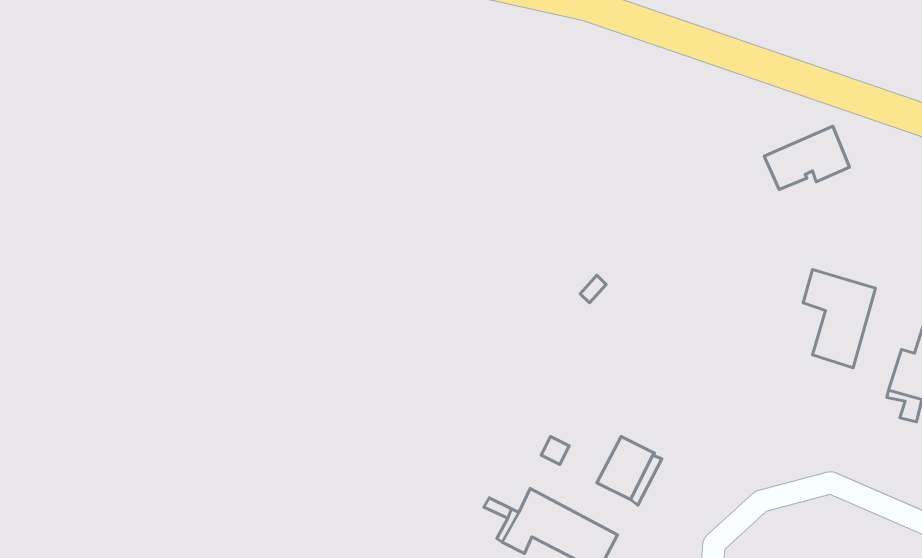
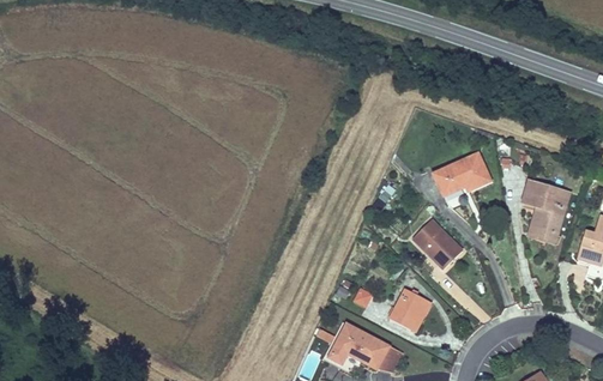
building: [764,126,850,189] -> [434,153,489,194]
building: none -> [412,218,463,267]

